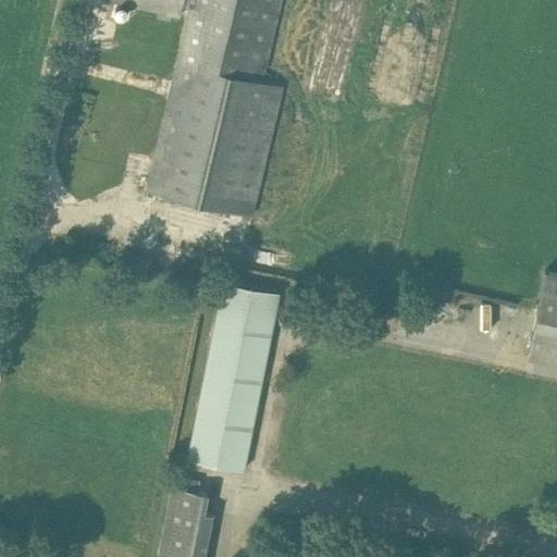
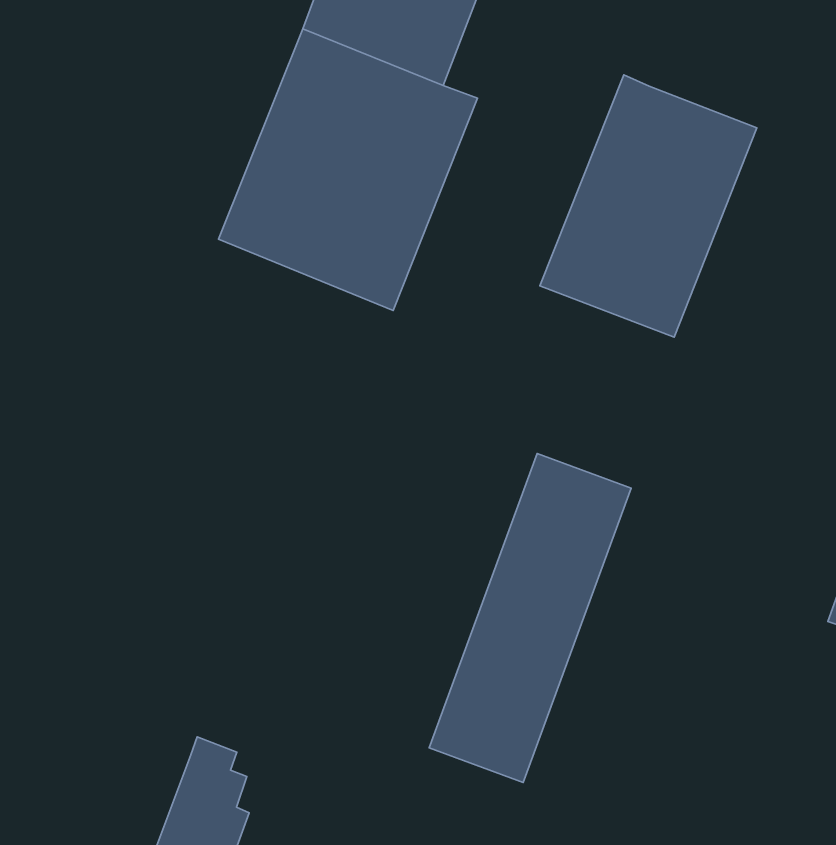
building: none -> [540,75,757,337]
building: [187,284,281,473] -> [429,453,631,783]

